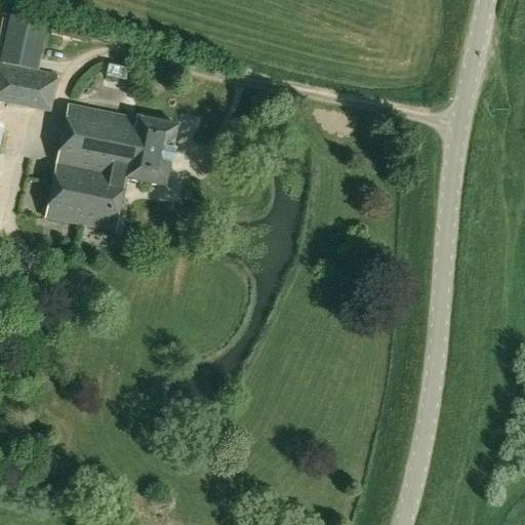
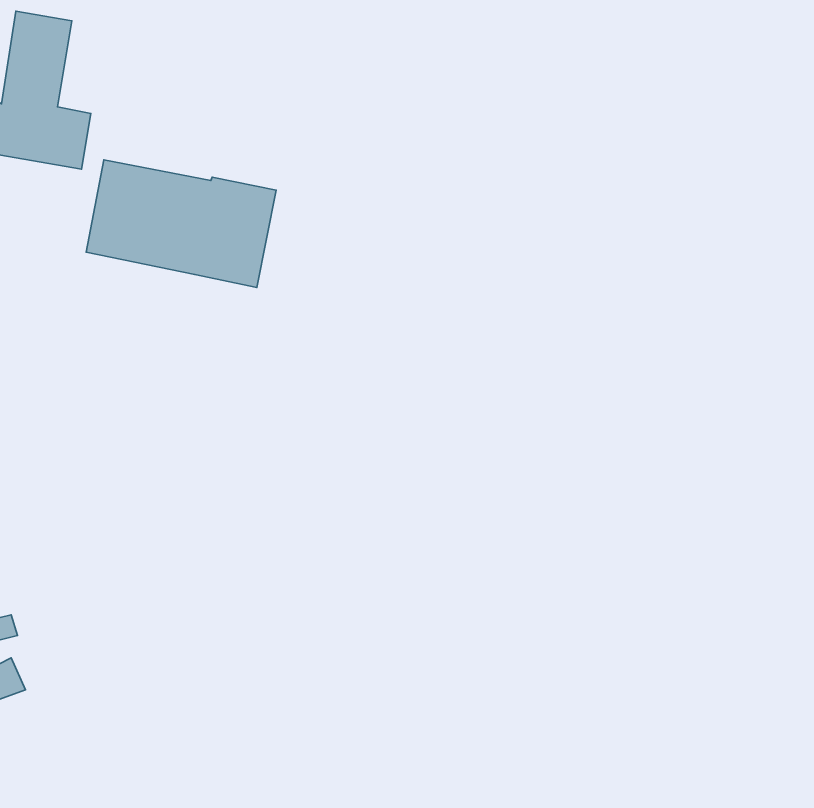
building: [45,162,125,229] -> none

